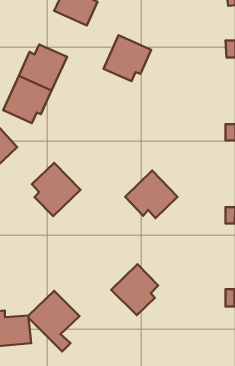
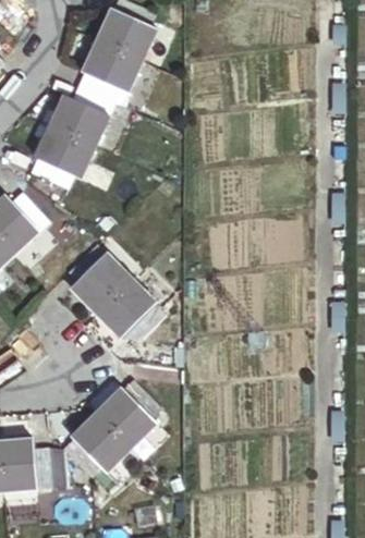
building: [104,35,151,81] -> [76,41,139,102]
building: [125,171,178,218] -> [95,279,165,342]
building: [111,264,158,315] -> [96,379,158,447]

